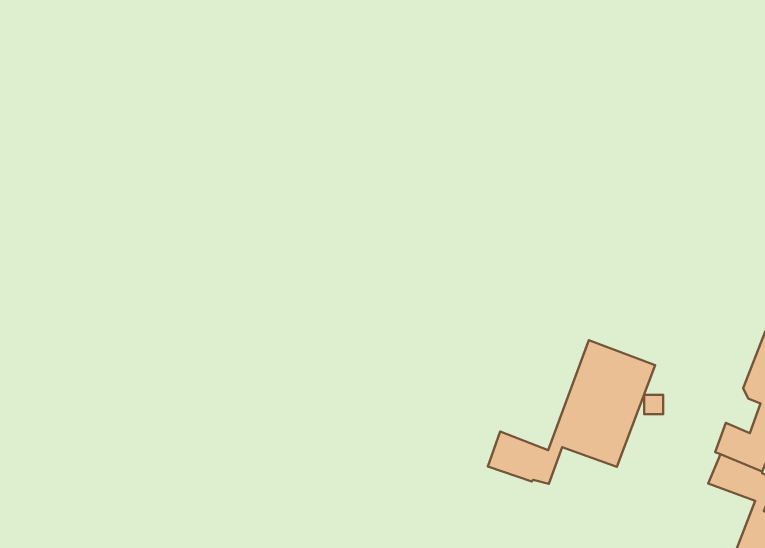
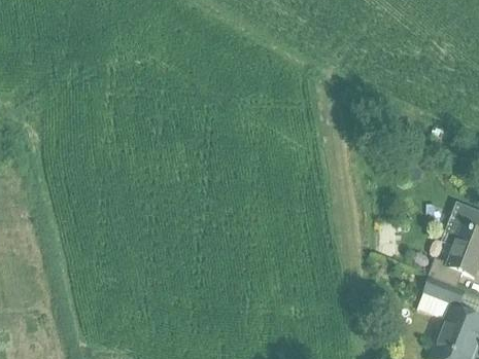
building: [488,340,655,484] -> none

